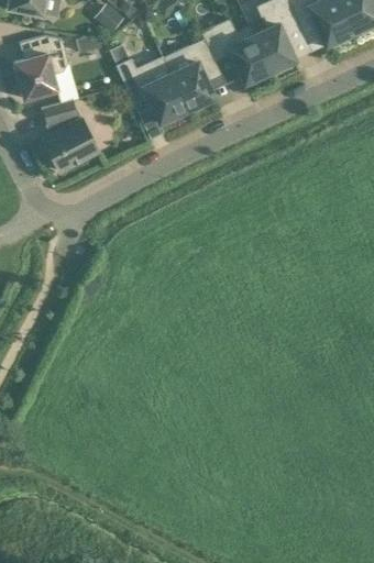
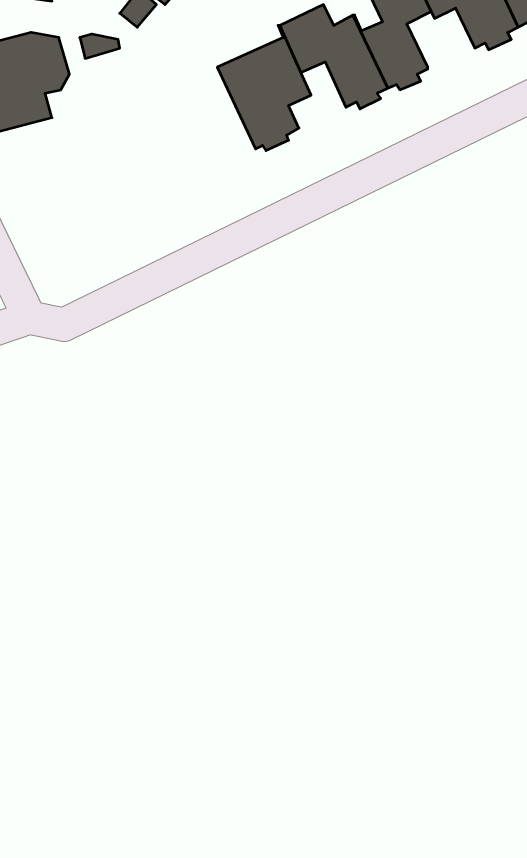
building: [110,44,187,123] -> none
building: [43,99,99,172] -> none

